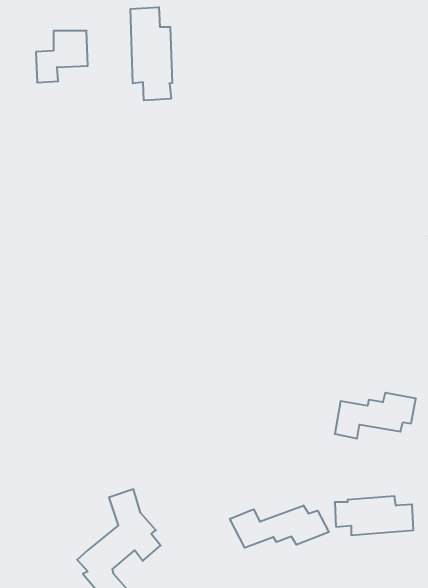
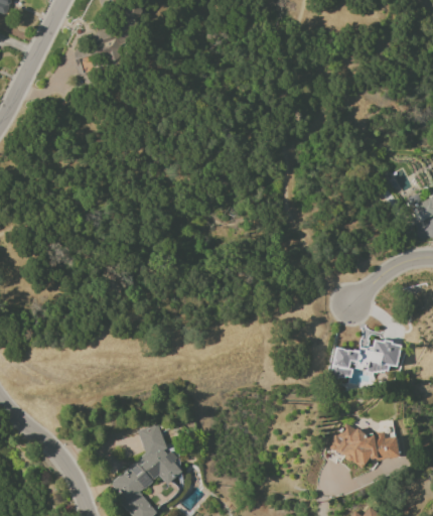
building: [130,7,172,100] -> none
building: [230,505,329,548] -> none

